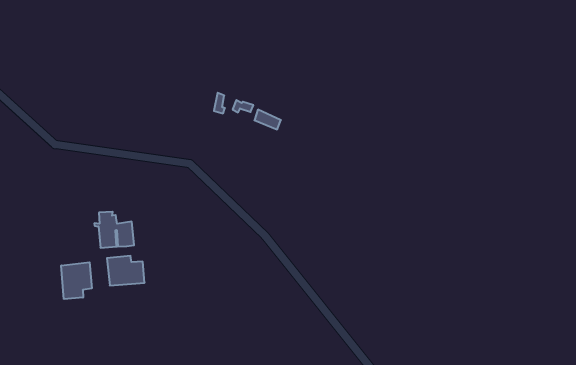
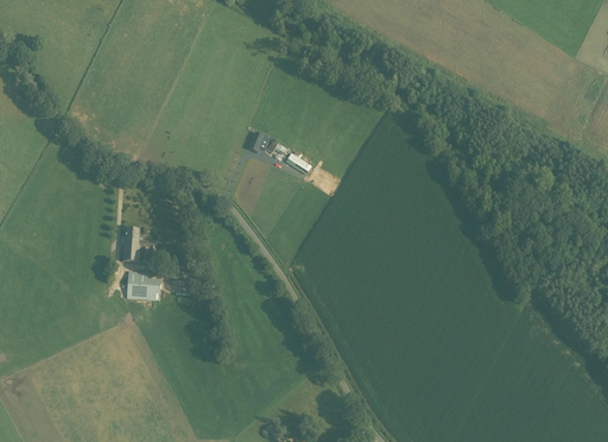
building: [61,262,92,299] -> none

